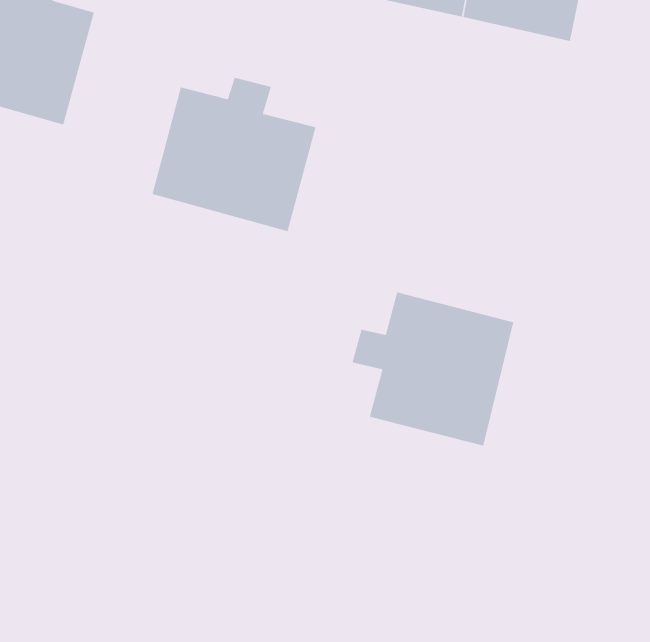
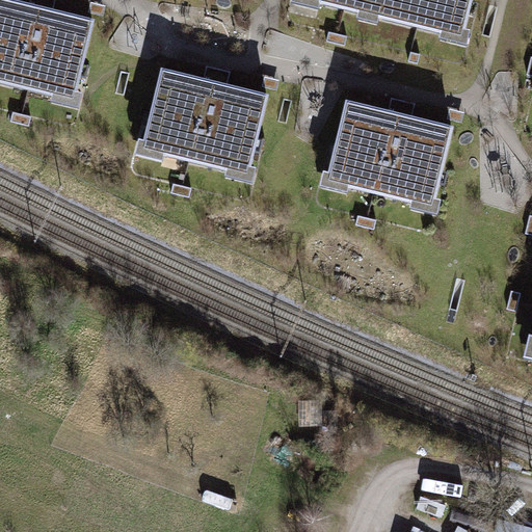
building: none -> [325,98,449,205]
building: [352,291,514,446] -> none

